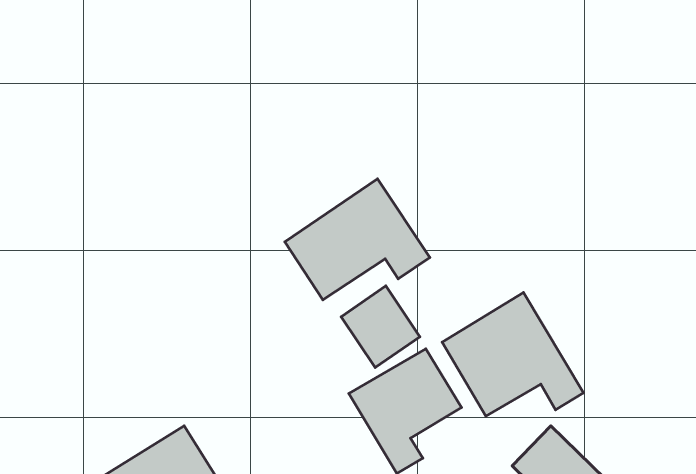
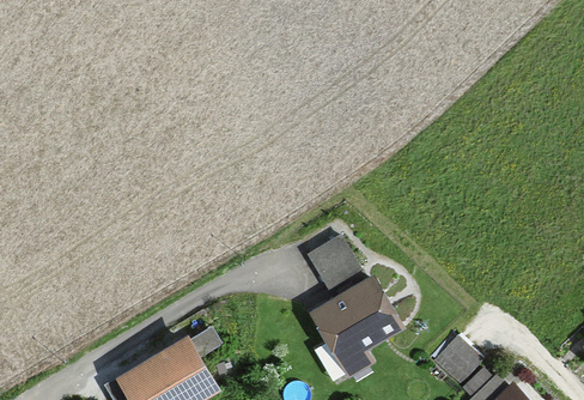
building: [285,179,430,300] -> none
building: [442,292,583,416] -> none

